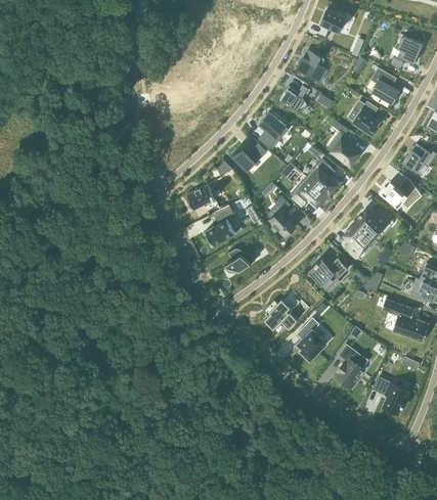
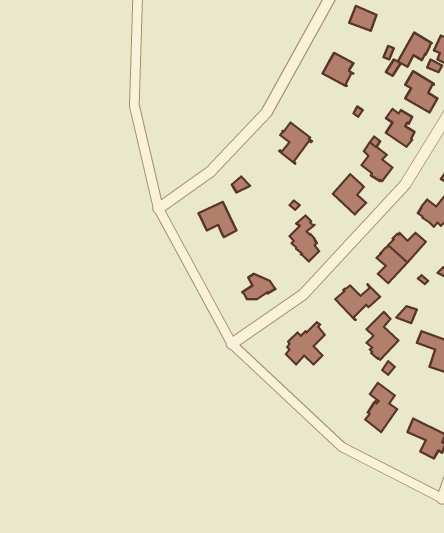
building: none -> [398,33,432,67]
building: [280,84,308,111] -> none
building: [232,142,268,170] -> none
building: [291,176,326,206] -> none
building: [206,206,236,245] -> none
building: [298,317,326,360] -> [366,312,399,360]

